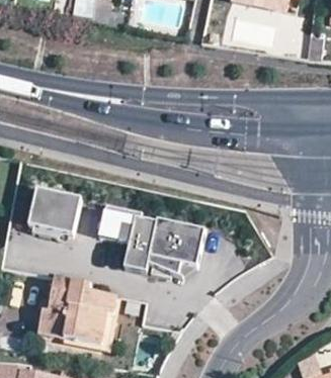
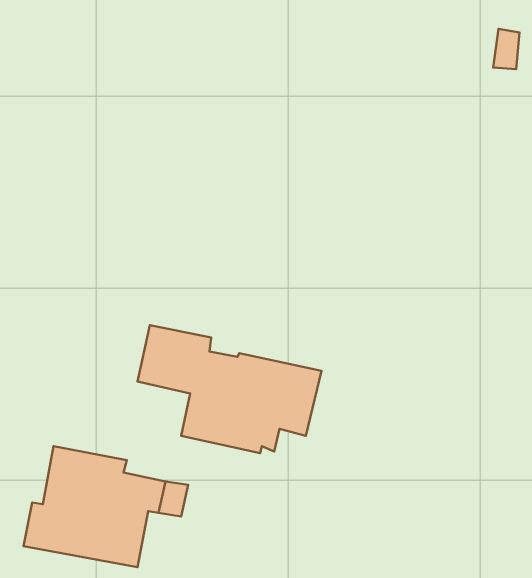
building: [30,189,84,237] -> none

